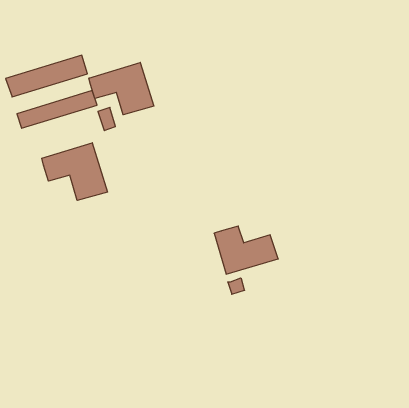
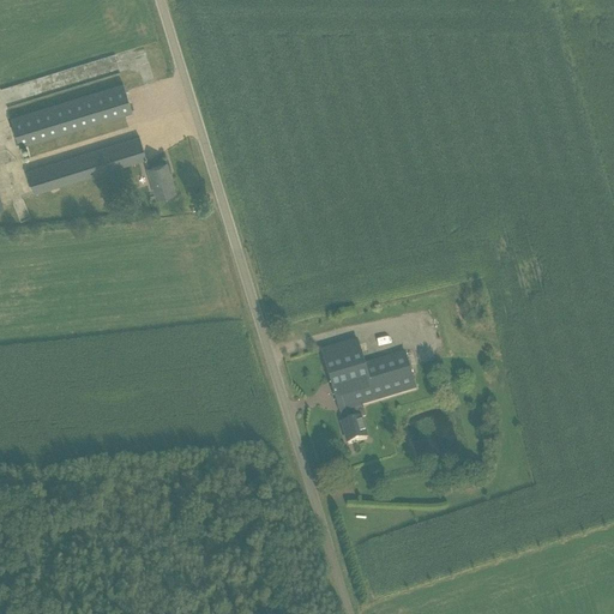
building: [89,62,154,115] -> none
building: [42,143,107,200] -> none

